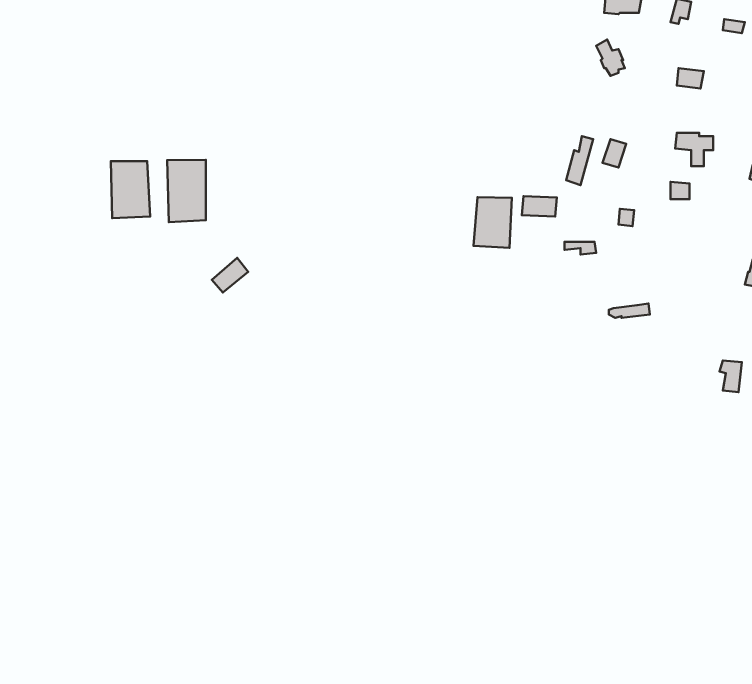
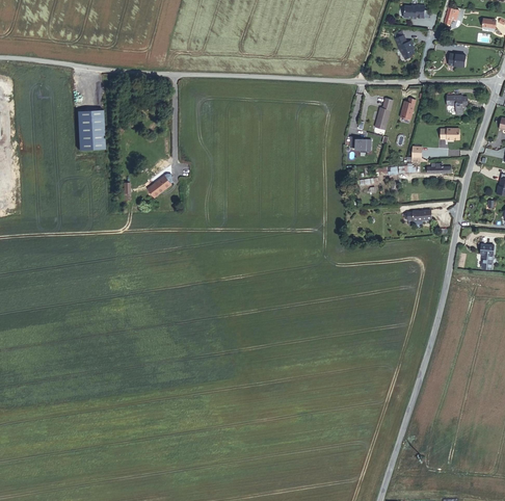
building: [167,160,206,222] -> none
building: [474,197,512,248] -> none

